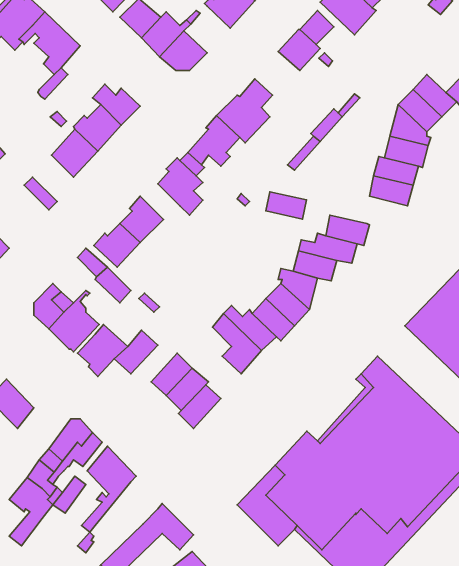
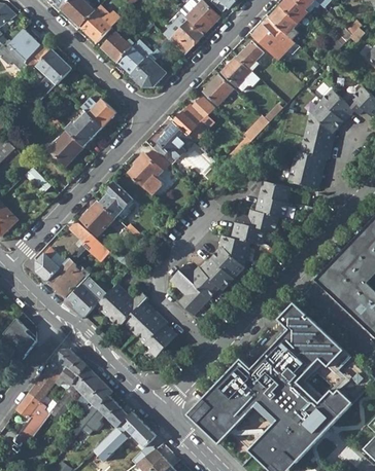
building: none -> [203,73,234,104]
building: [266,192,307,219] -> [259,181,289,202]
building: none -> [108,290,147,326]
building: none -> [81,396,129,435]

